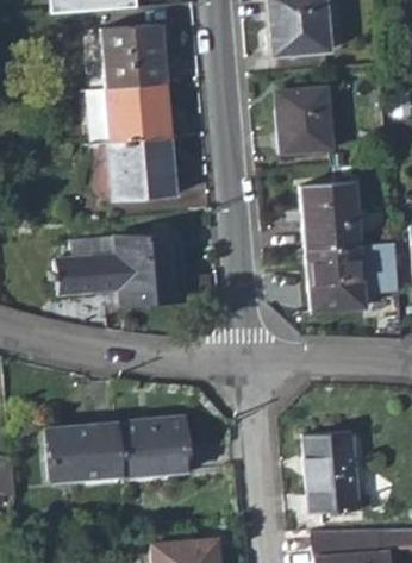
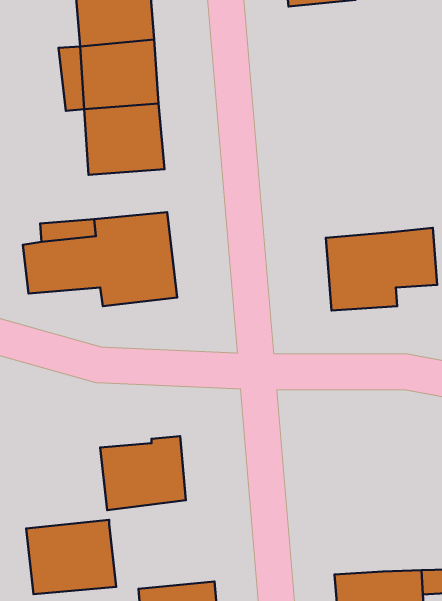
building: [275,86,333,151] -> none
building: [301,182,361,250] -> none
building: [49,421,124,483] -> [26,520,116,594]
building: [306,432,357,511] -> none

